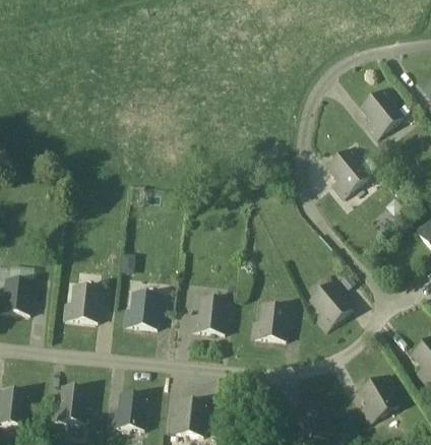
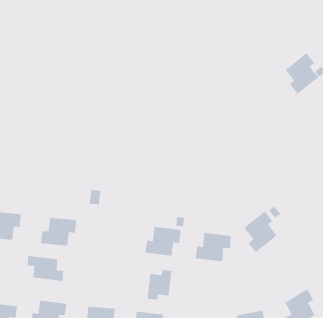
building: [326,144,369,196] -> none
building: [122,292,167,328] -> none
building: none -> [27,255,64,282]
building: none -> [147,269,172,301]

